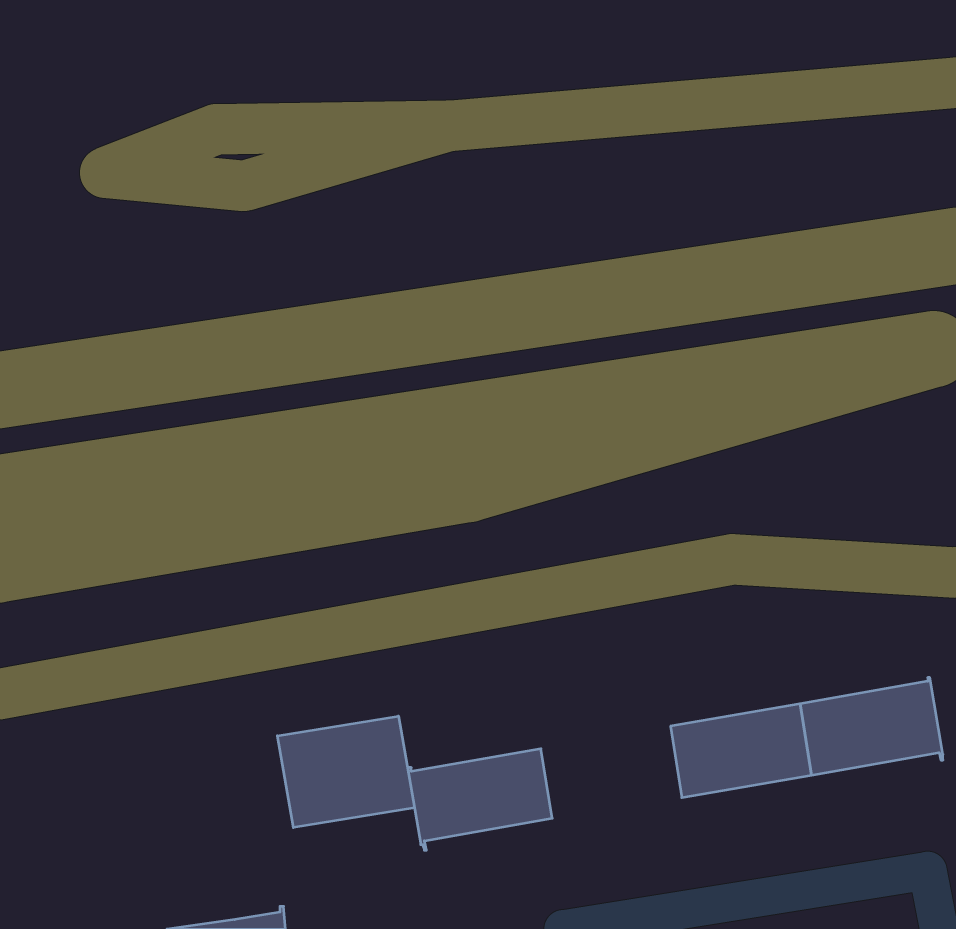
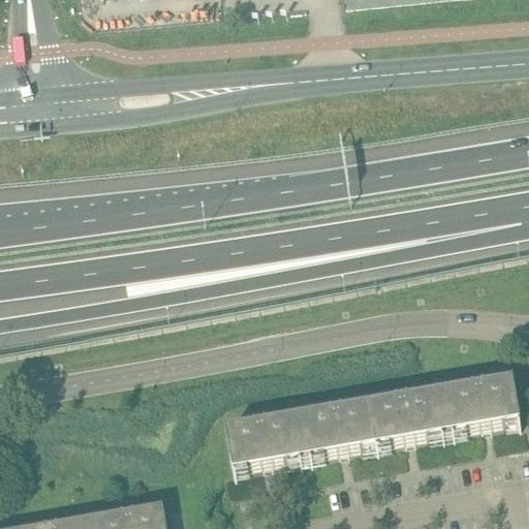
building: [277,716,414,828] -> none
building: none -> [298,400,375,450]

